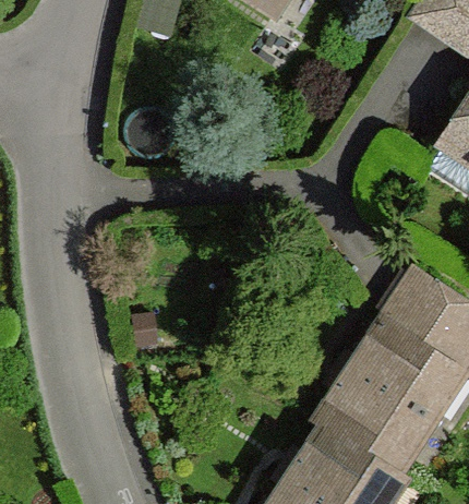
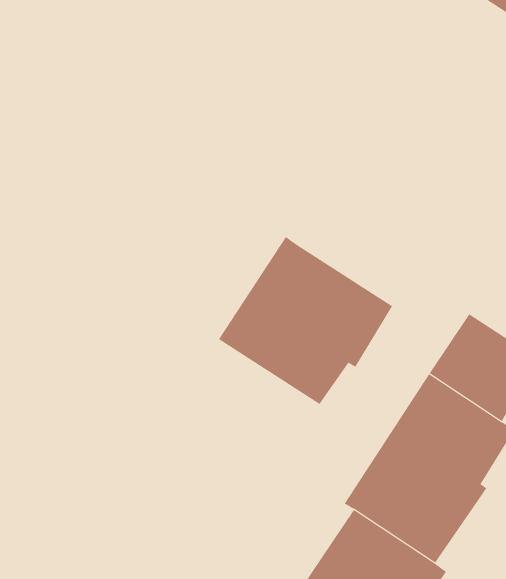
building: none -> [218,236,393,405]

